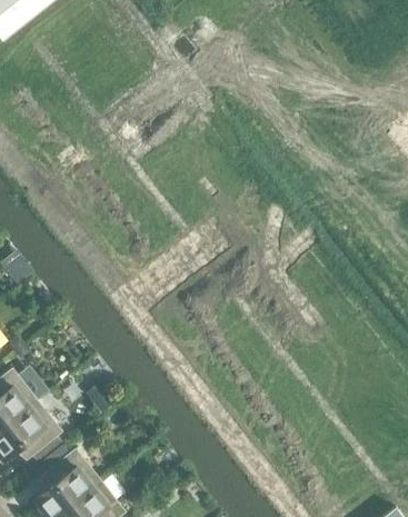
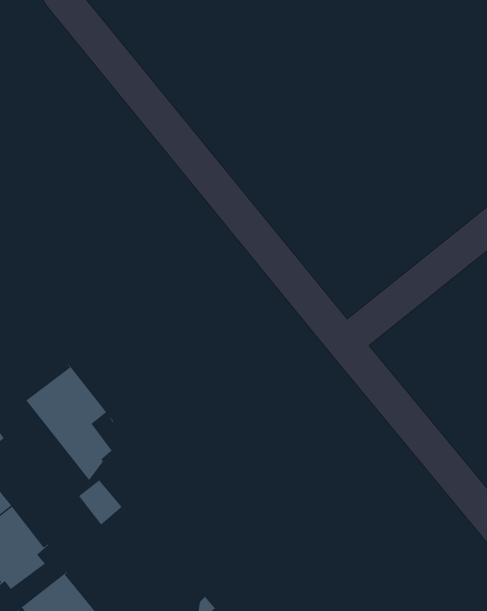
building: none -> [26,362,114,481]

